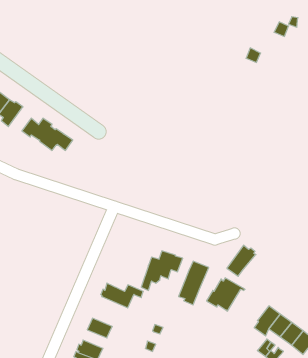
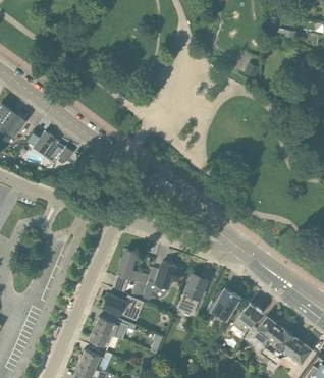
building: none -> [112,251,149,302]
building: [227,245,256,276] -> [233,304,262,334]
building: none -> [94,315,136,341]

